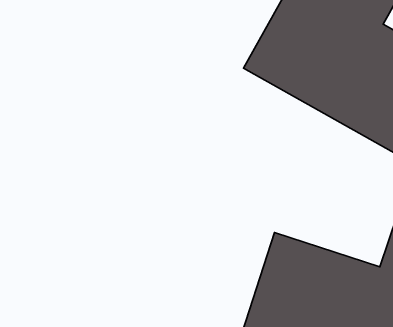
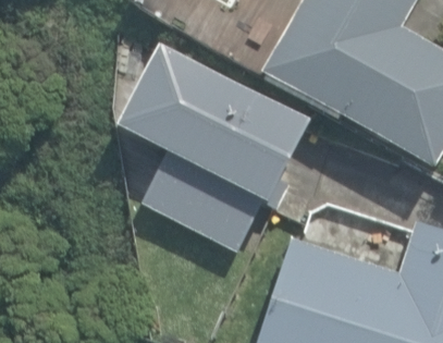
building: none -> [128,83,275,200]

